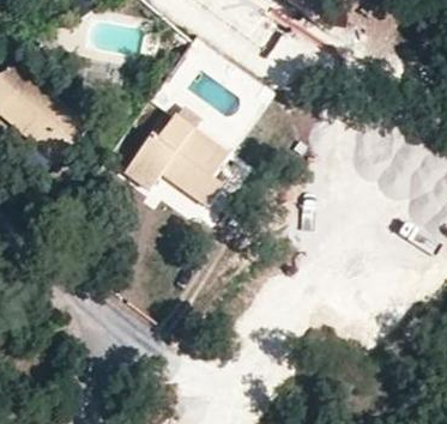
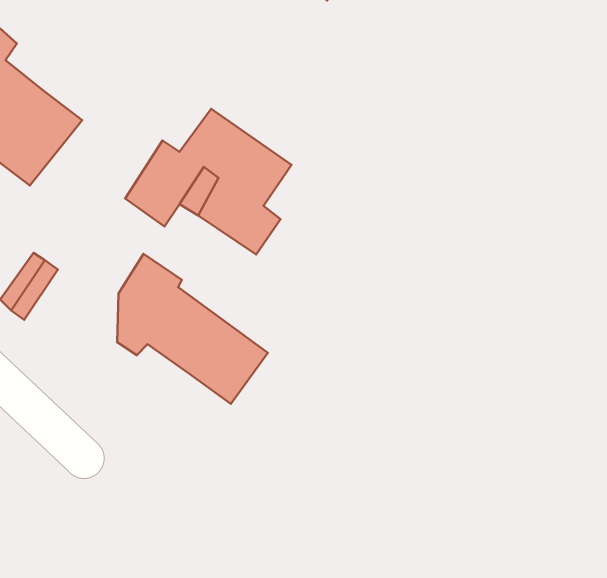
building: none -> [117,254,268,404]

